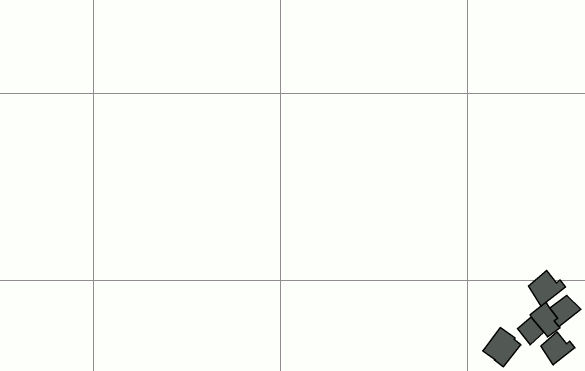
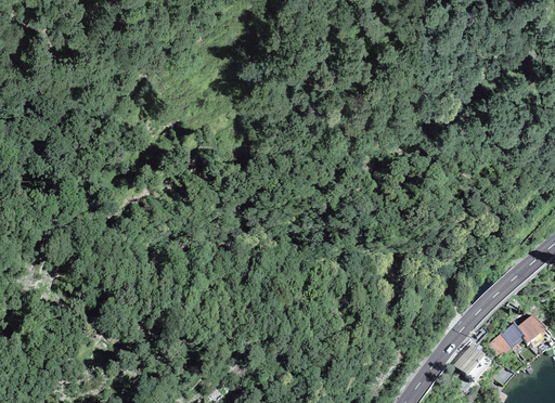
building: [528,270,566,306] -> none
building: [541,332,575,365] -> none

